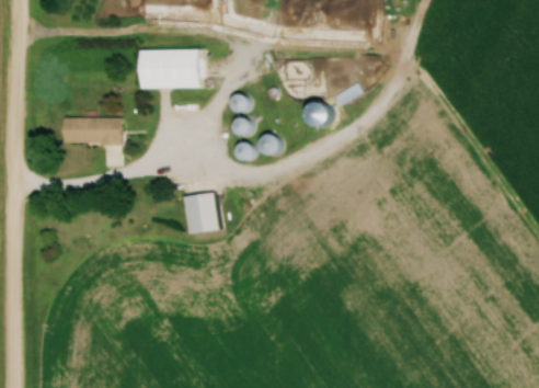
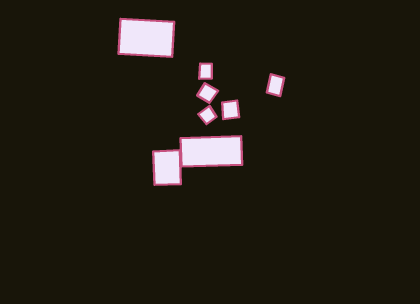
building: [62,118,121,144] -> none
building: none -> [181,136,242,167]

